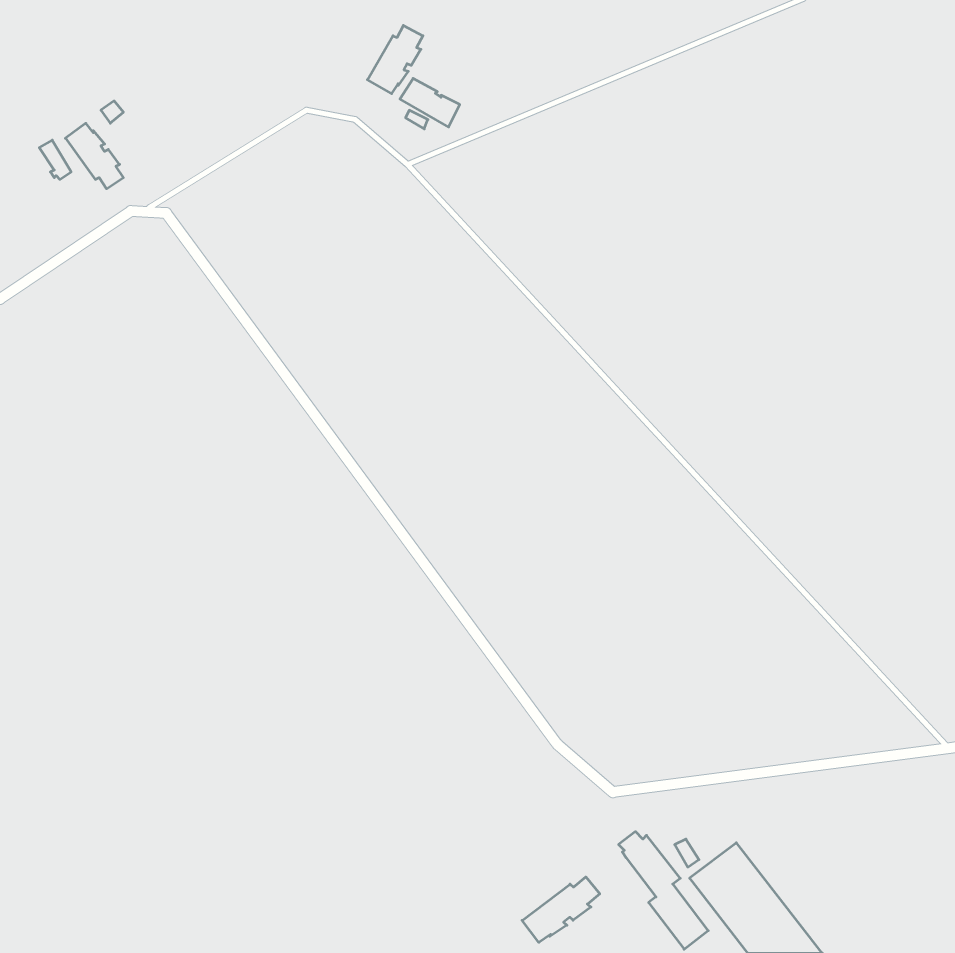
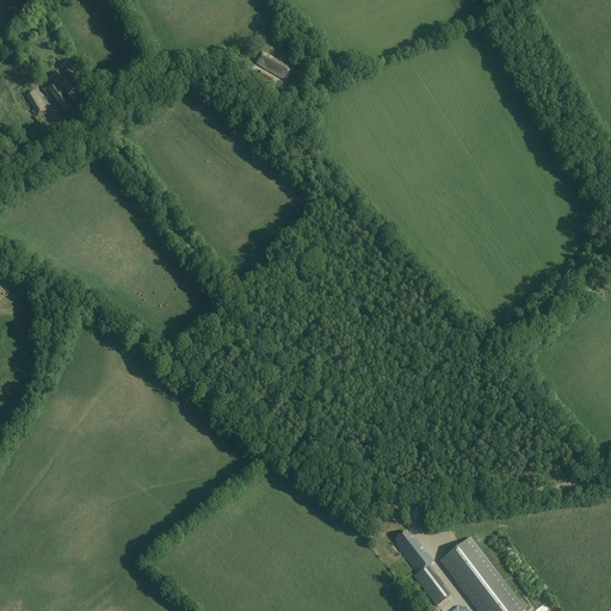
building: [367,25,423,94] -> none
building: [522,877,600,942] -> none

